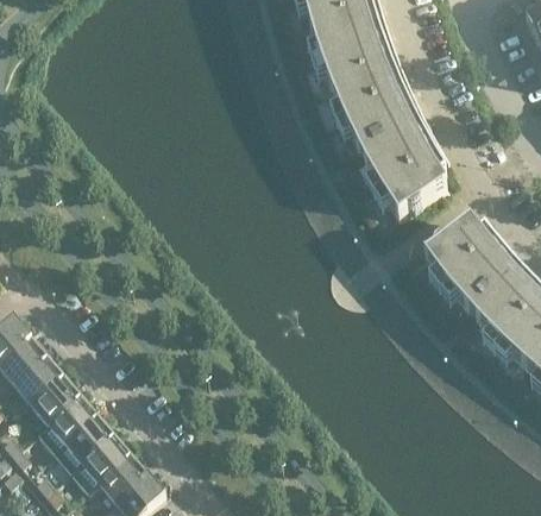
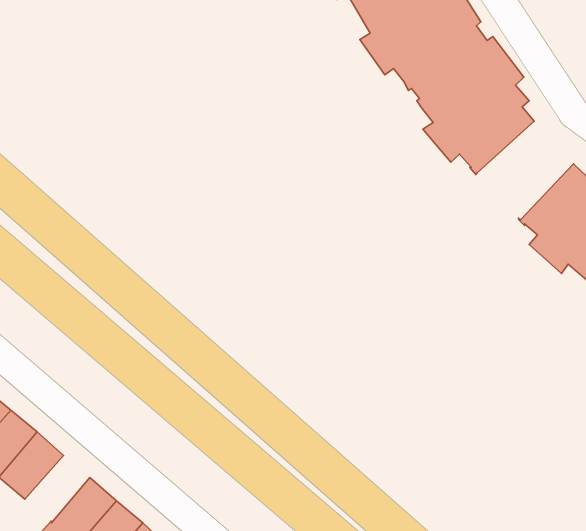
building: [30,373,80,421] -> none

